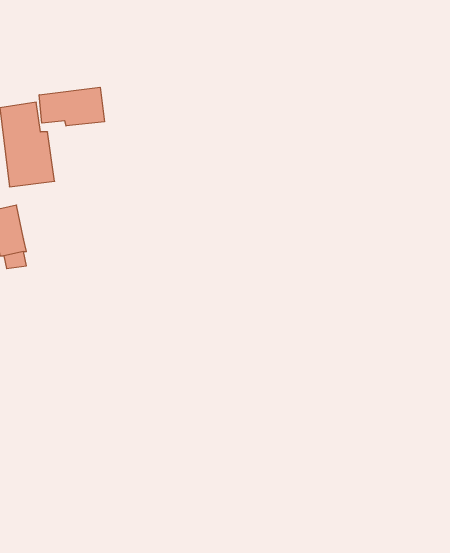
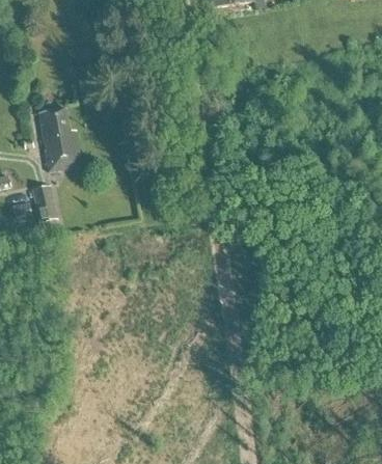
building: [39,87,104,126] -> none

